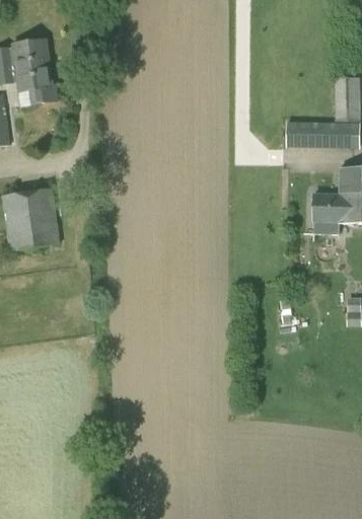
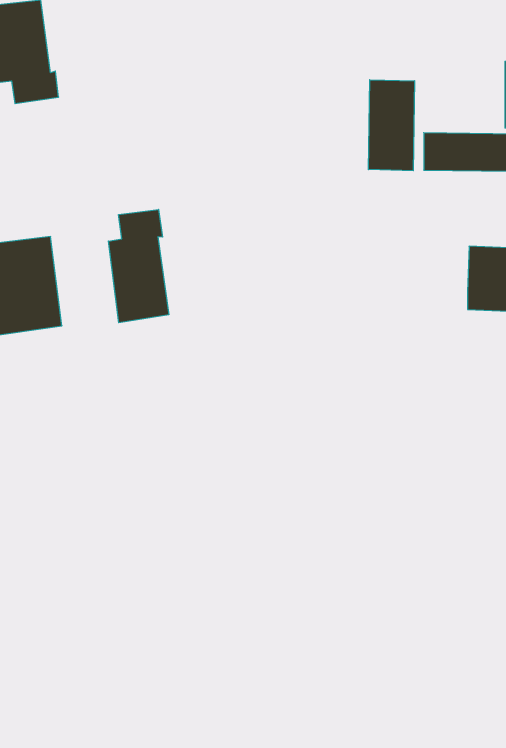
building: none -> [368,80,415,171]
building: none -> [108,209,169,323]

